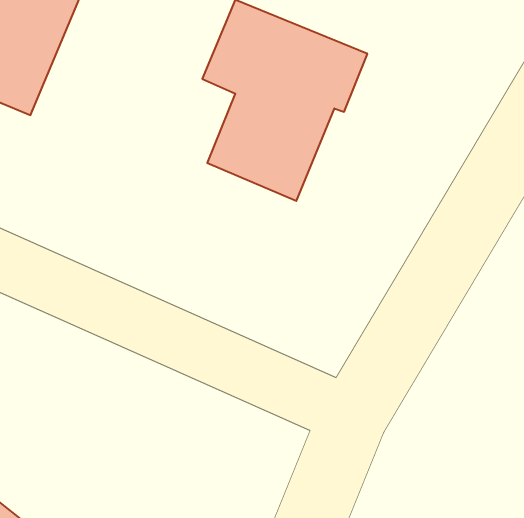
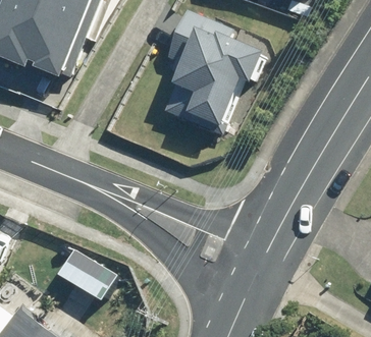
building: none -> [56,249,113,299]

